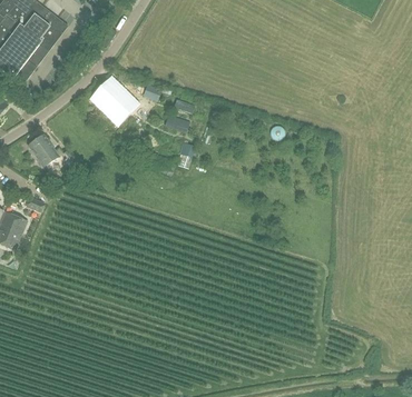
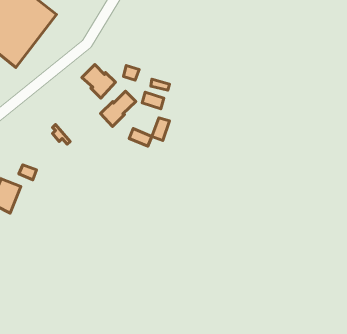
building: none -> [101,91,136,126]
building: [27,132,58,166] -> none

